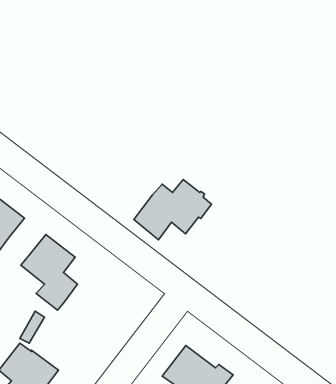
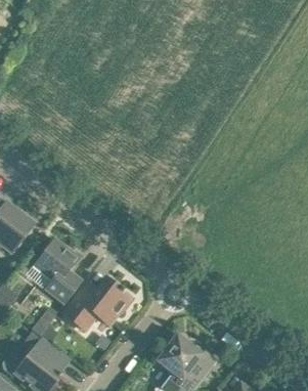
building: [134,180,212,240] -> [62,278,130,331]

